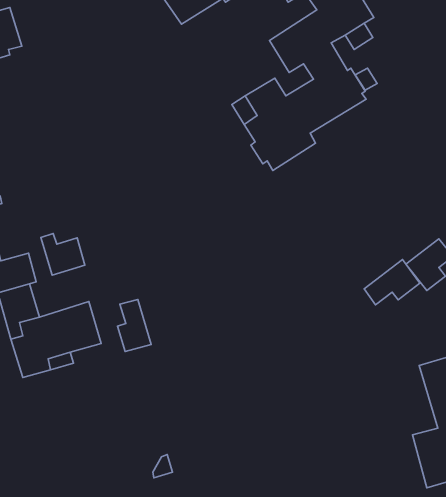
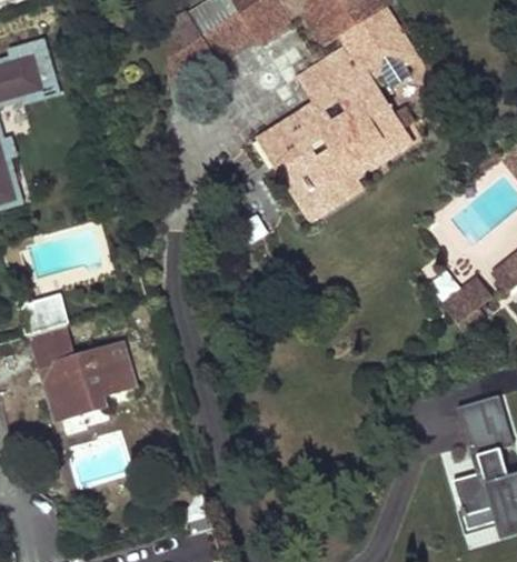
building: [41,234,85,275] -> none
building: [364,260,420,305] -> none
building: [117,299,151,352] -> none

